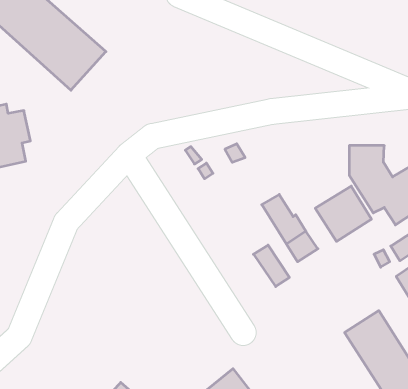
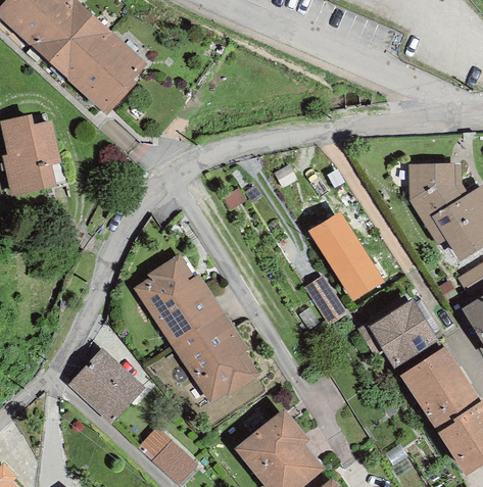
building: [315,186,371,241] -> [372,302,434,363]
building: none -> [141,263,249,395]
building: none -> [76,355,138,417]

